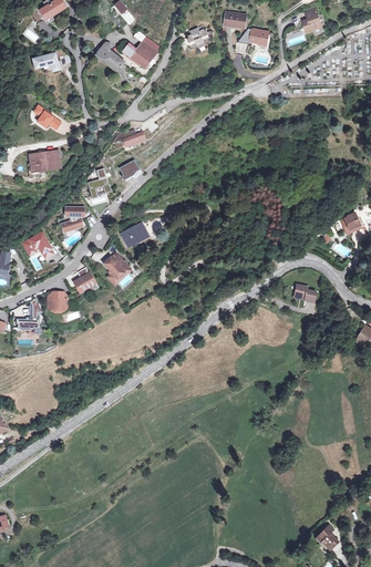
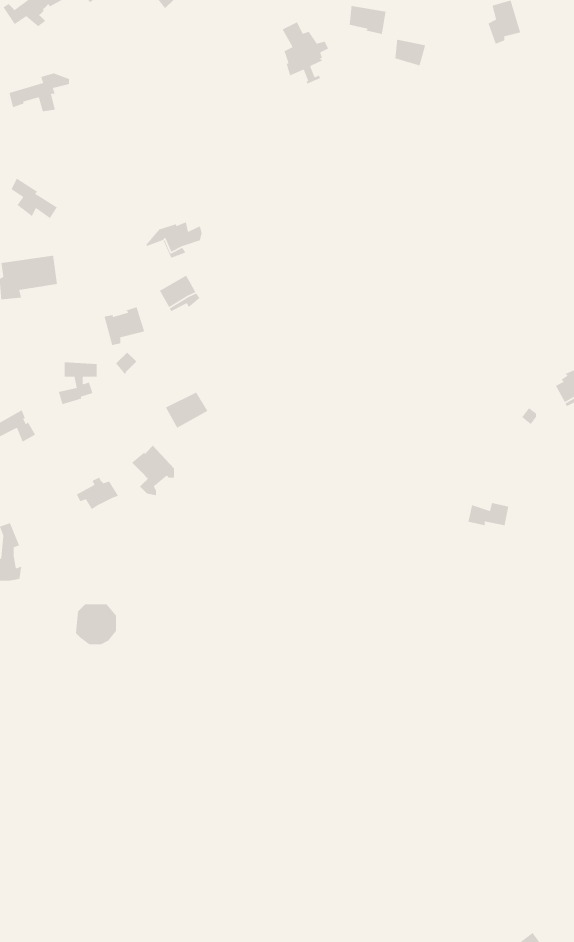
building: [123,40,156,65] -> none
building: [96,41,127,73] -> none
building: [47,290,70,313] -> [75,603,117,645]

